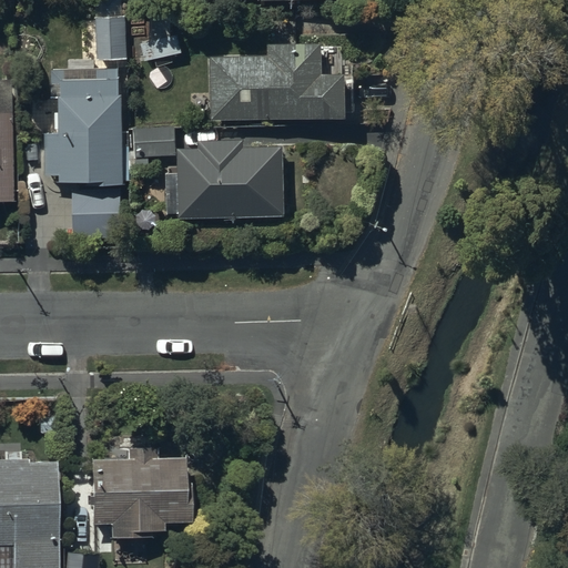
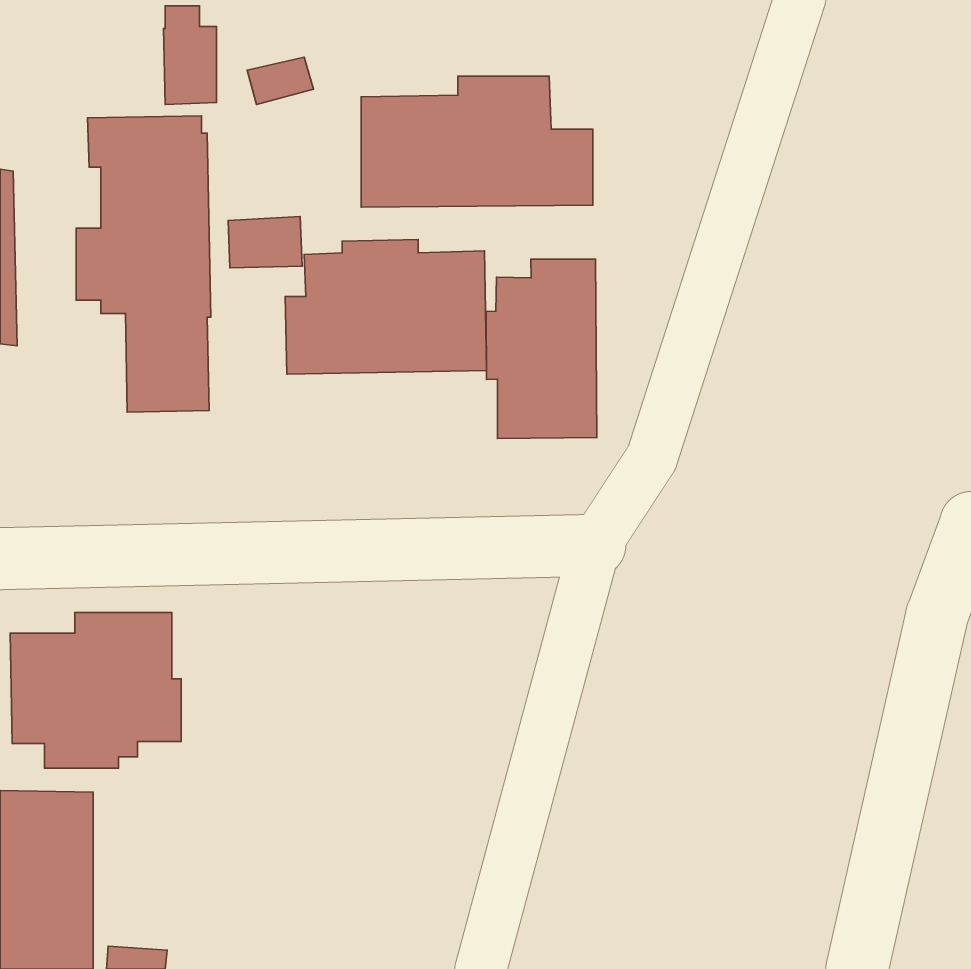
building: none -> [486,259,597,439]
building: [88,449,187,540] -> [10,612,181,768]

